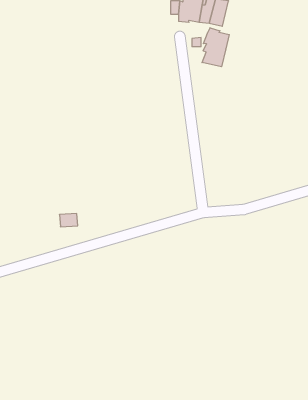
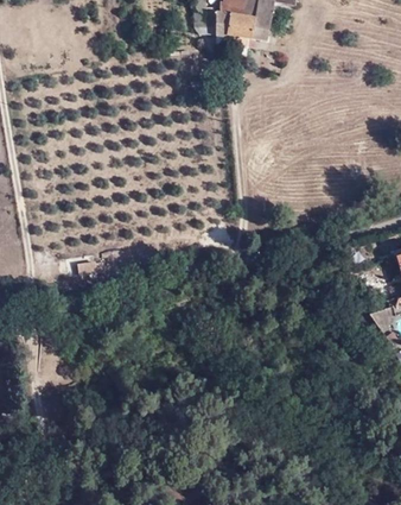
building: [202,28,229,67] -> none

